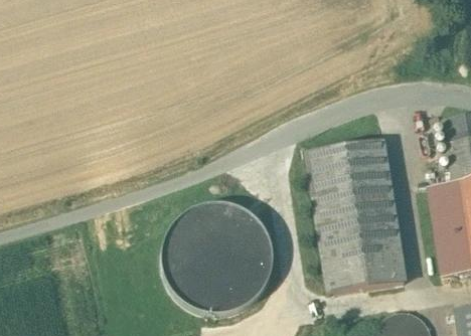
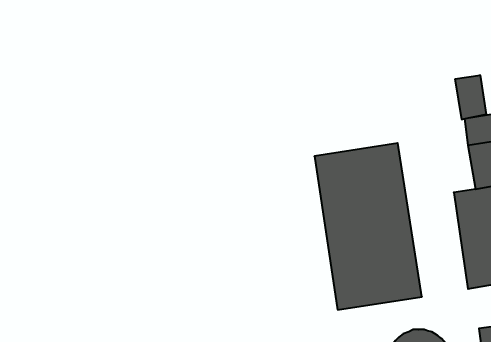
building: none -> [455,75,486,120]
building: [165,202,274,310] -> none

